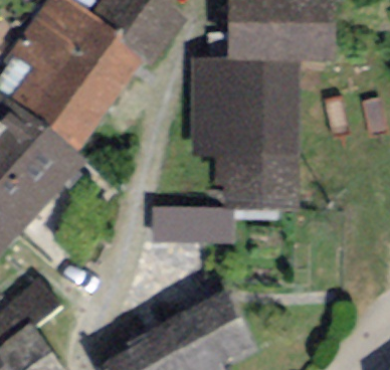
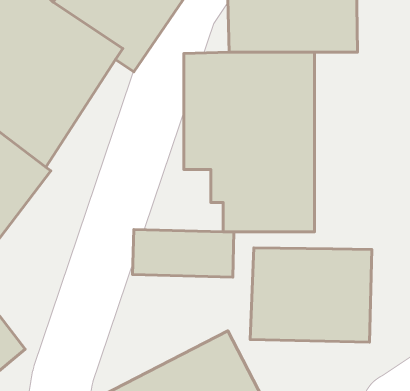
building: none -> [250,248,372,342]

